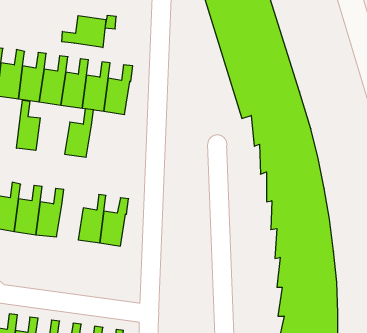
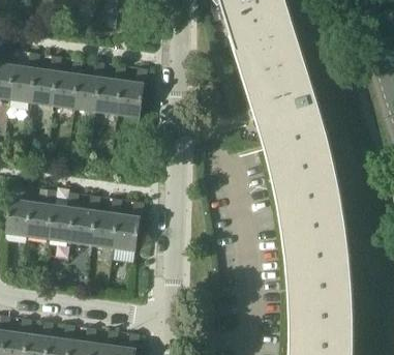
building: [62,16,106,48] -> none
building: [17,100,40,150] -> none
building: [65,109,94,157] -> [68,196,97,244]

